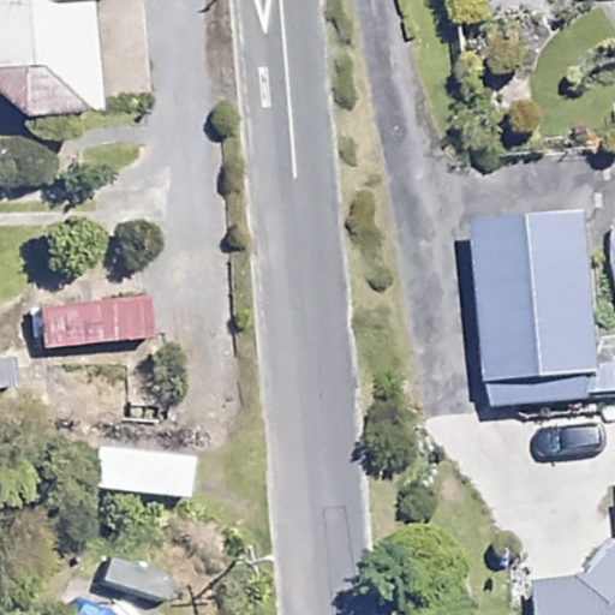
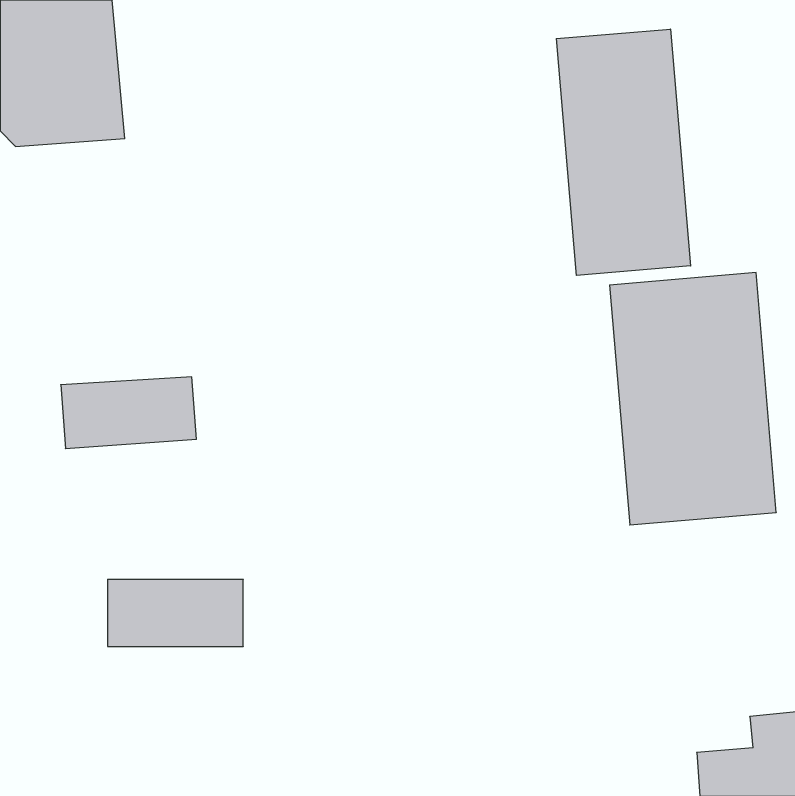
building: none -> [556,29,691,275]

